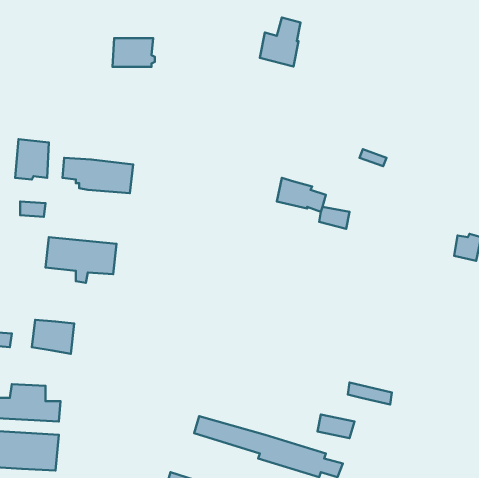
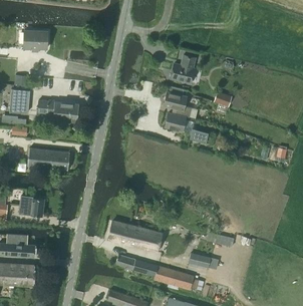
building: [260,17,300,66] -> [172,54,196,83]
building: [113,38,155,67] -> [24,31,49,48]
building: none -> [165,86,192,118]
building: none -> [109,220,164,252]

